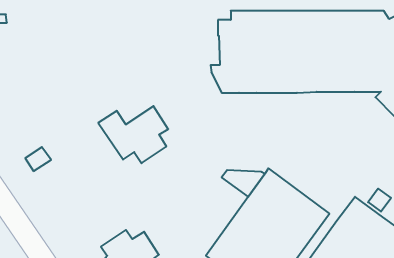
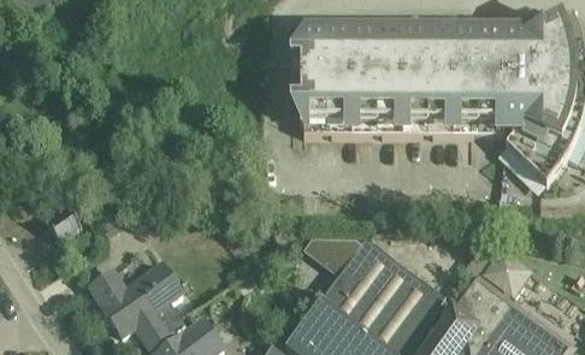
building: [98,106,168,163] -> [87,264,178,338]

